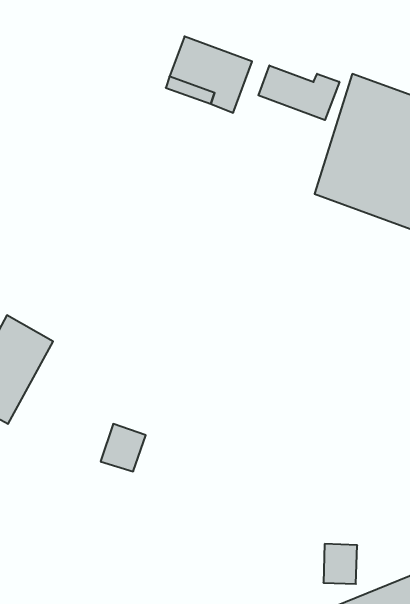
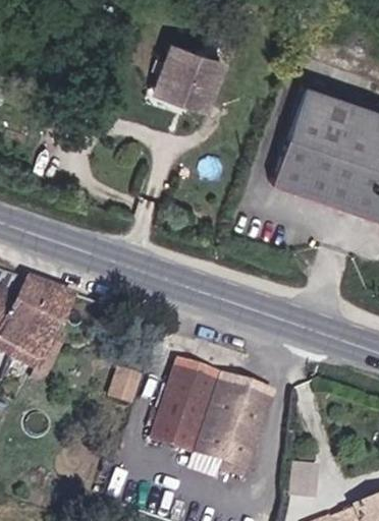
building: [258,65,339,120] -> none
building: none -> [149,365,268,471]

